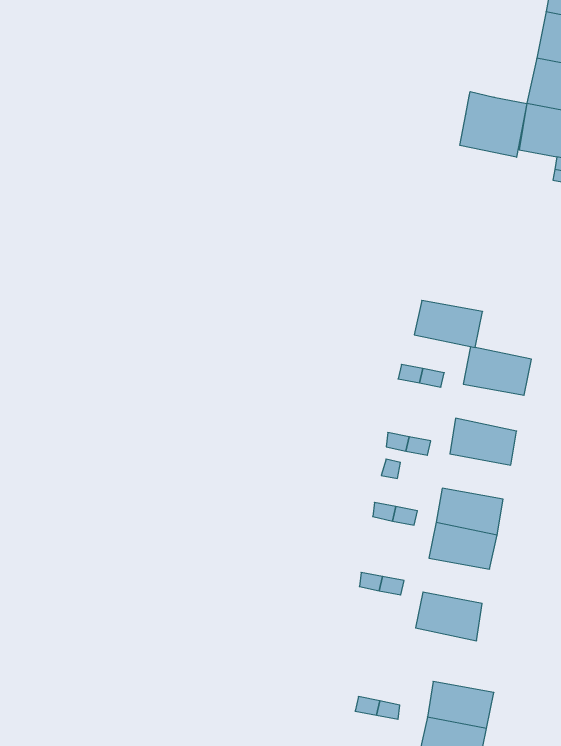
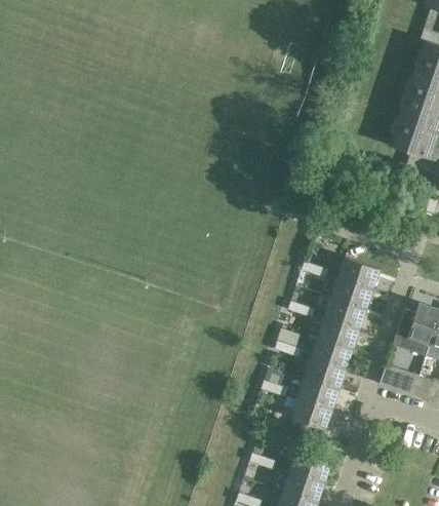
building: [460,92,527,157] -> none
building: [414,300,483,347] -> [330,278,372,310]
building: none -> [317,318,359,349]
building: none -> [297,378,338,408]

